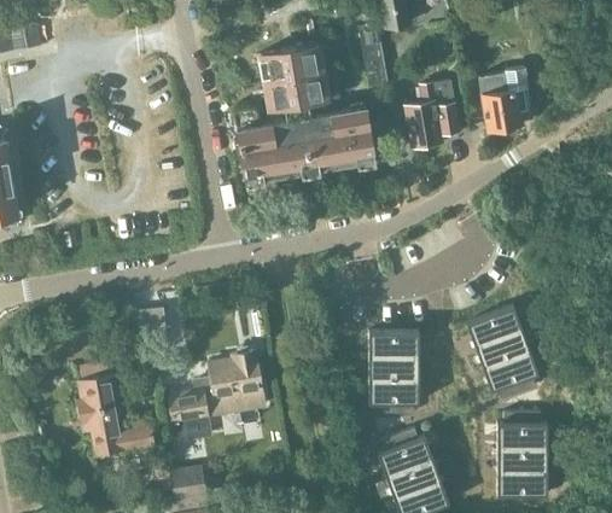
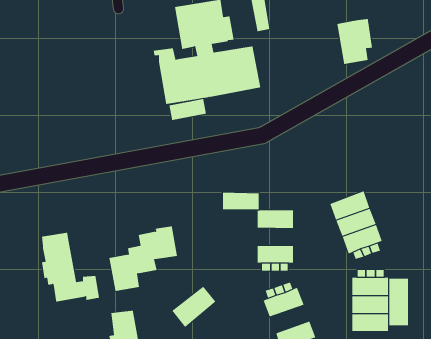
building: [402,81,457,148] -> none
building: none -> [169,98,206,121]
building: [368,355,419,379] -> [222,192,259,210]
building: none -> [389,278,409,326]
building: none -> [172,286,216,328]
building: [385,460,441,499] -> none

